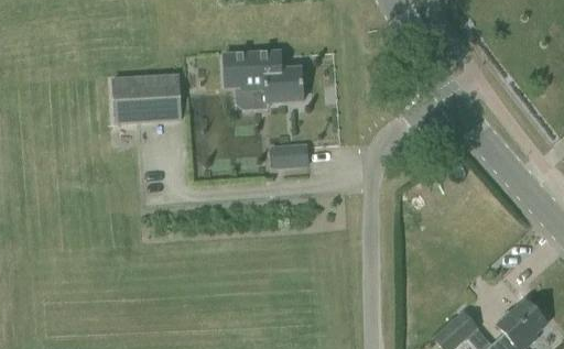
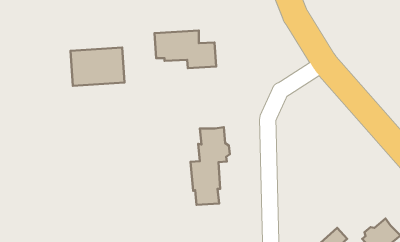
building: [272,144,308,165] -> none
building: none -> [190,127,230,205]

